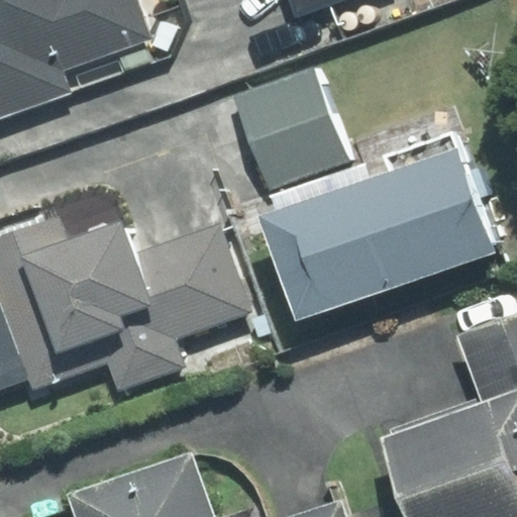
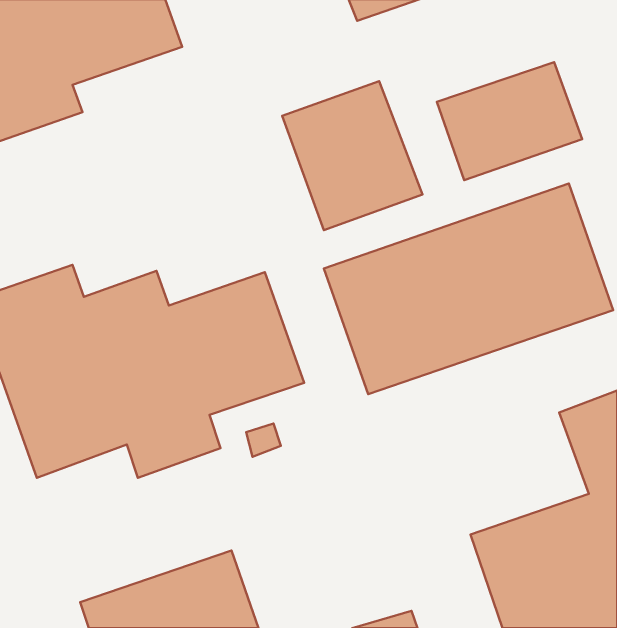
building: none -> [437,62,582,180]

